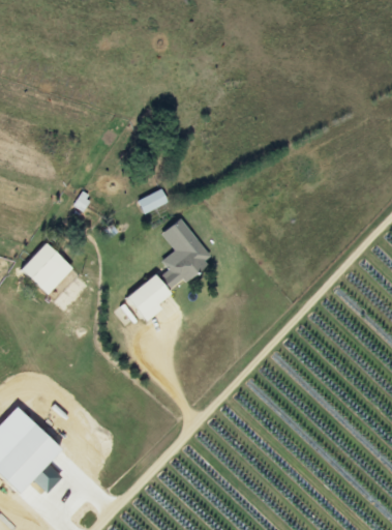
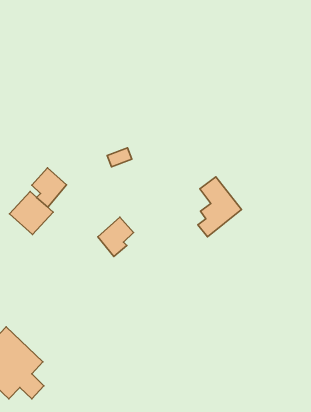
building: none -> [32,168,67,207]
building: [159,218,212,291] -> [198,177,242,237]

